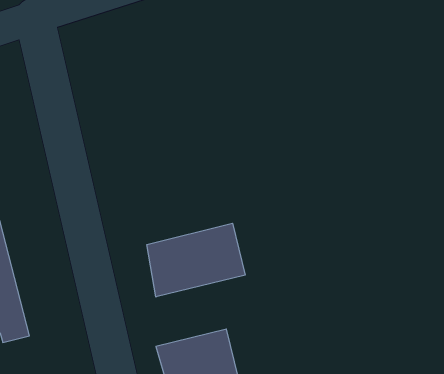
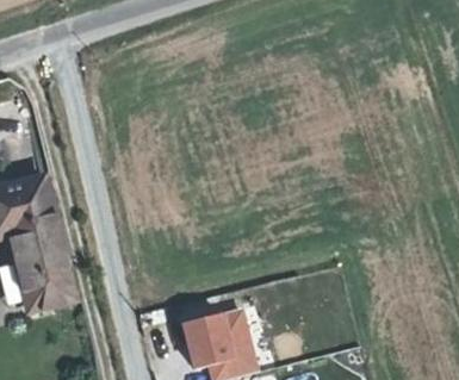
building: [147,223,245,297] -> none

